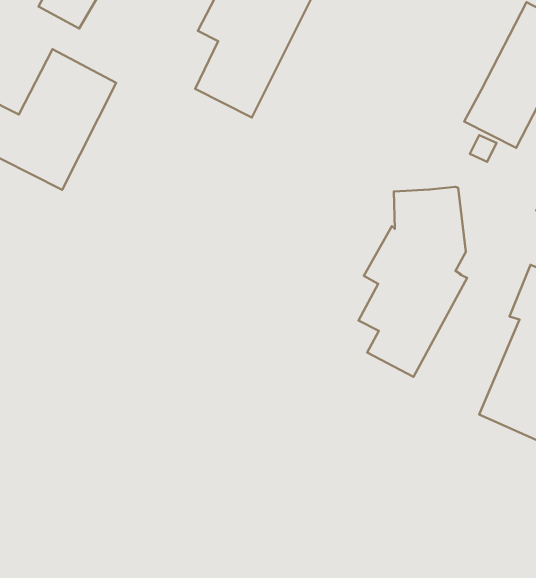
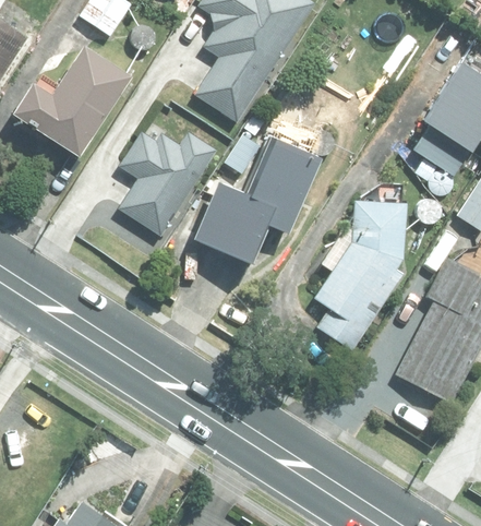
building: none -> [185,128,315,256]
building: none -> [122,133,217,236]

